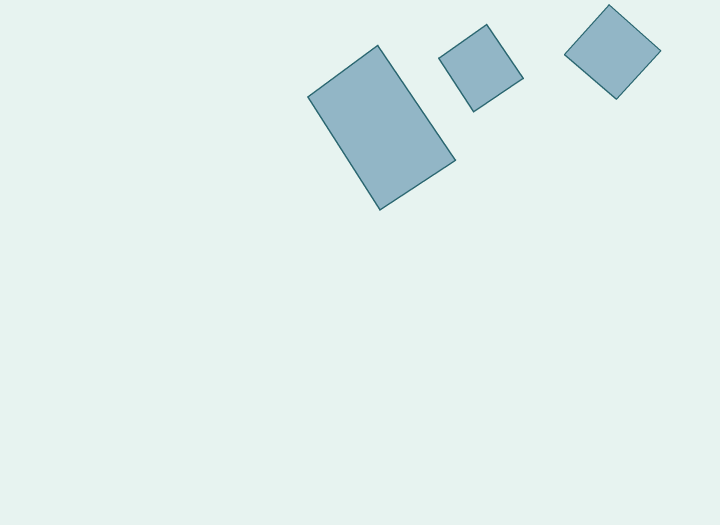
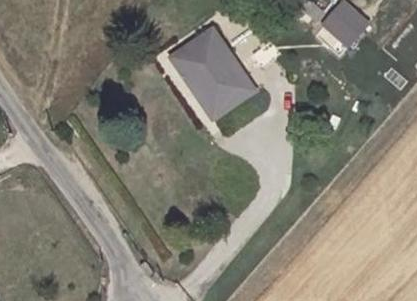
building: [439,24,523,112] -> none

